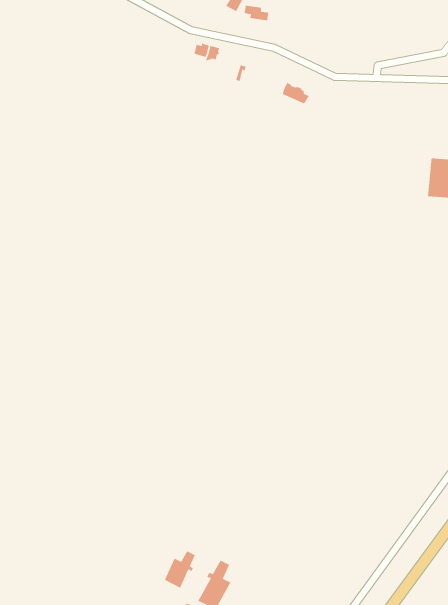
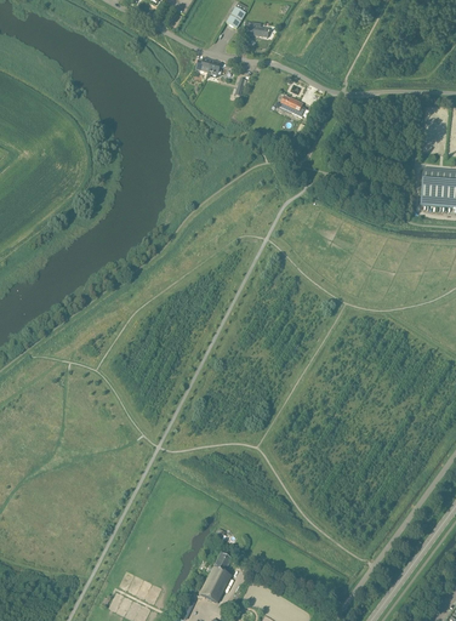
building: [164,550,196,589] -> none

